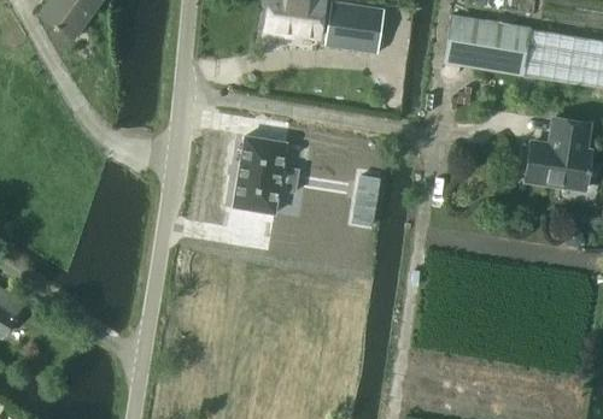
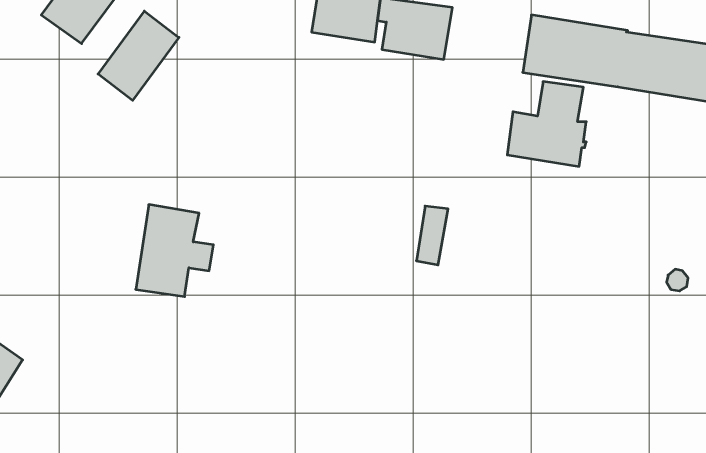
building: none -> [98,11,179,100]
building: [525,118,591,189] -> [507,82,586,166]
building: [233,135,298,212] -> [136,205,213,297]

